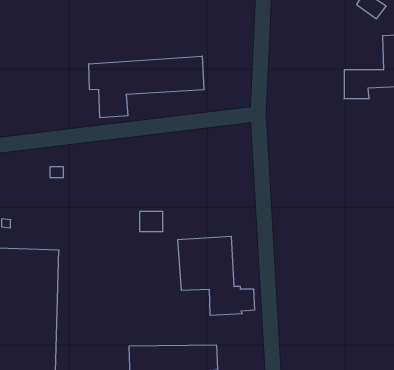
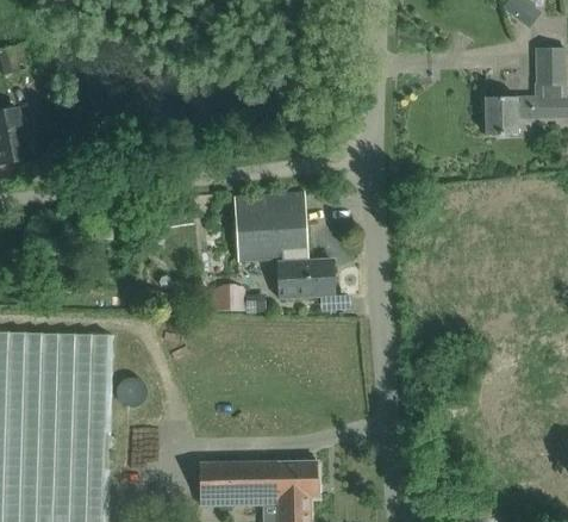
building: [89,56,204,118] -> none
building: [178,236,255,315] -> [233,192,336,297]

